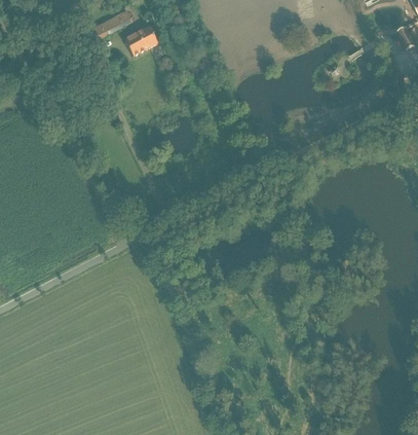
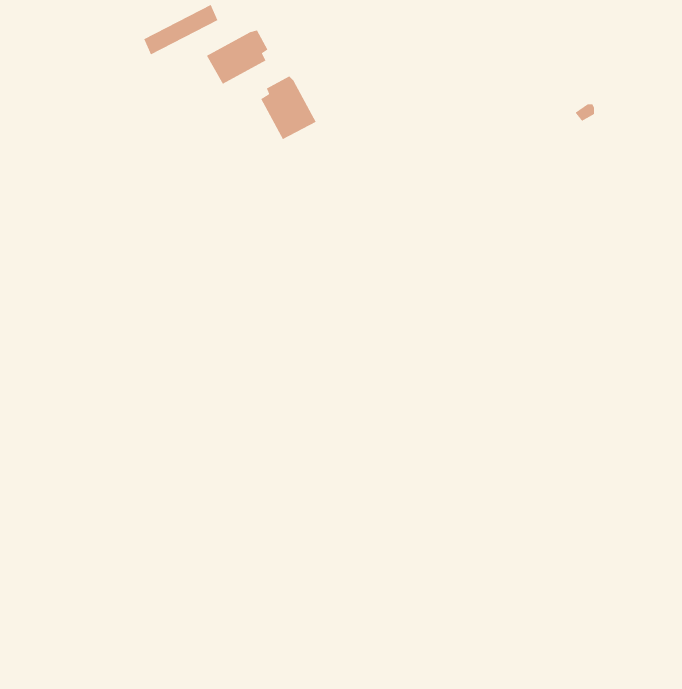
building: none -> [260,76,317,140]

